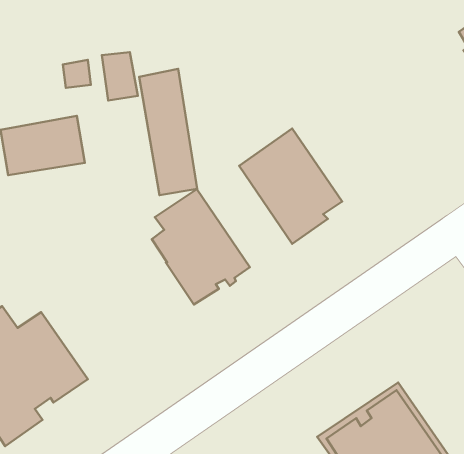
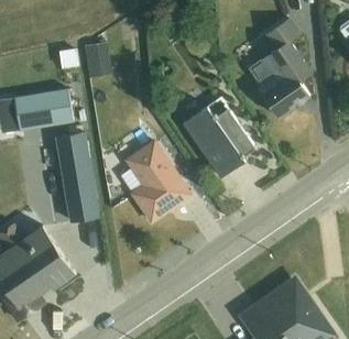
building: none -> [248,18,309,118]
building: [139,69,197,195] -> [57,132,98,221]

